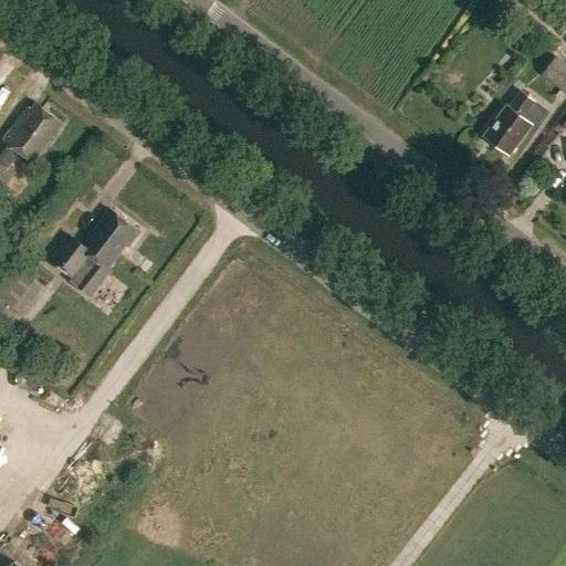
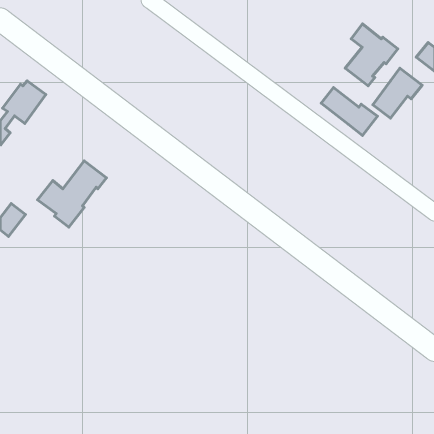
building: none -> [345,24,398,86]
building: none -> [321,88,377,136]

